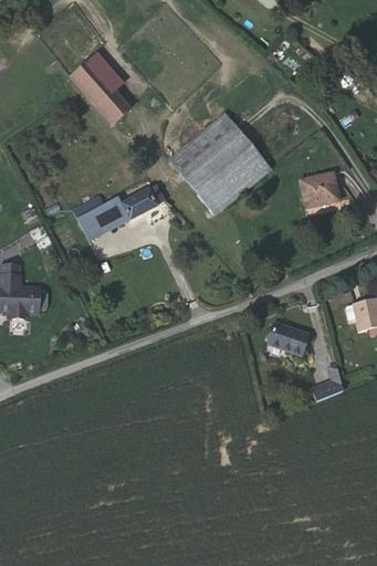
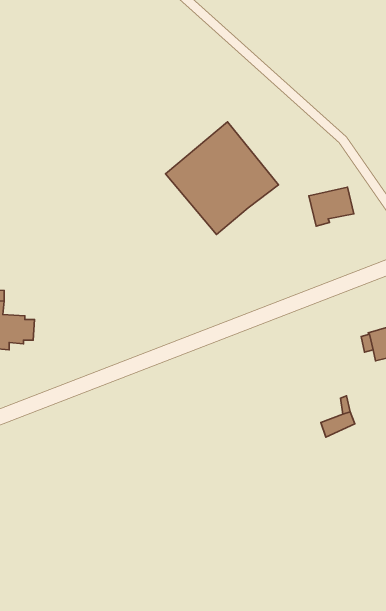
building: [69,59,130,125] -> none
building: [77,184,164,239] -> none
building: [266,322,308,355] -> none

